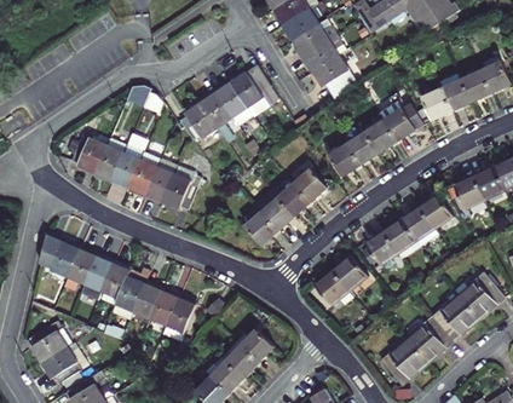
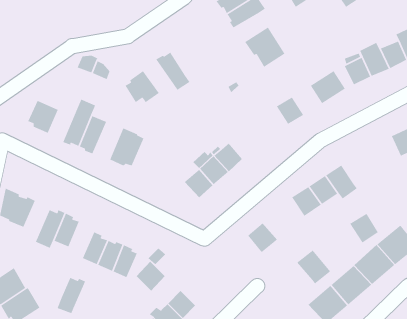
building: [299,35,345,71] -> none
building: [230,64,278,116] -> none
building: [200,91,232,128] -> none
building: [364,120,397,152] -> none
building: [94,139,126,183] -> none
building: [325,143,359,175] -> none
building: [144,160,177,202] -> none
building: [294,168,327,201] -> none
building: [454,175,484,208] -> none
building: [419,195,451,229] -> [349,213,379,243]
building: [64,247,96,289] -> none
building: [332,257,370,295] -> [296,249,331,285]
building: [113,276,145,317] -> [57,277,86,314]
building: [241,329,273,363] -> [136,261,166,291]

